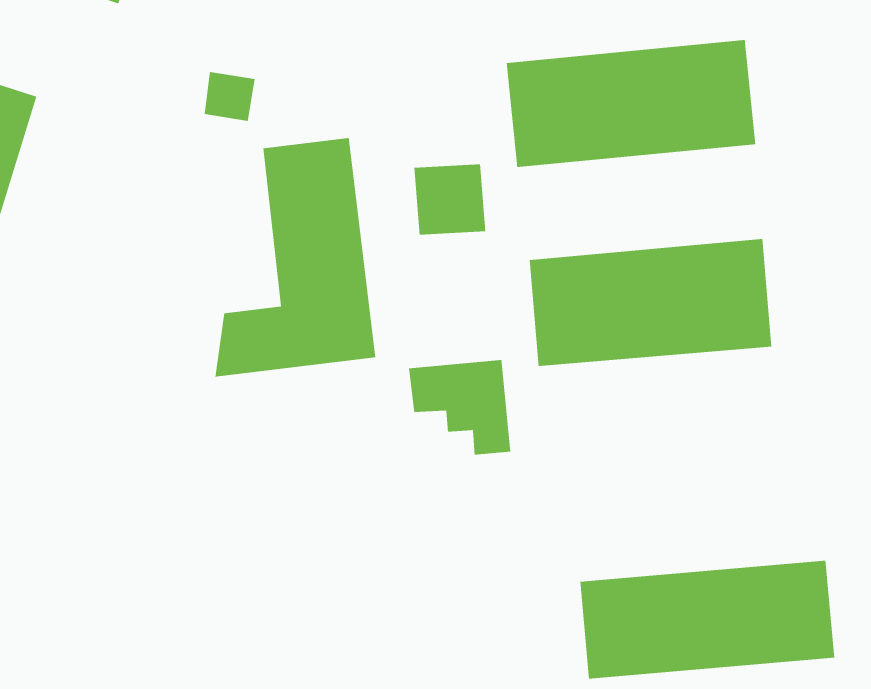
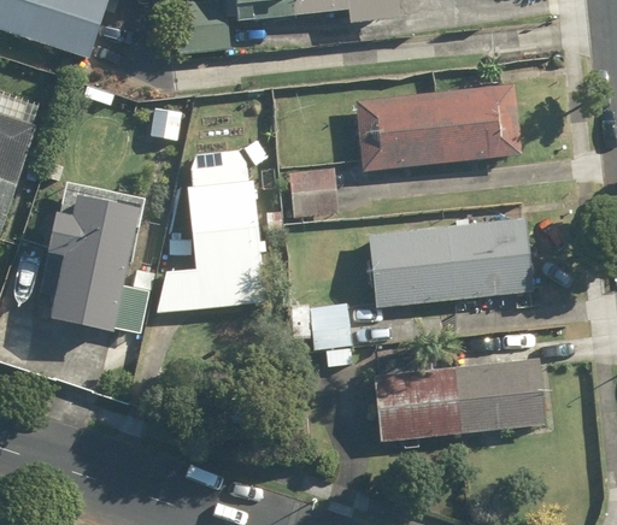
building: none -> [41,177,155,332]
building: [579,560,835,679] -> [374,359,547,440]

